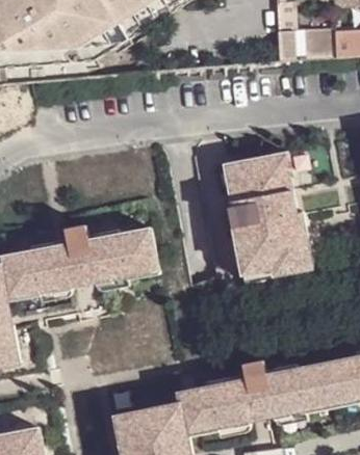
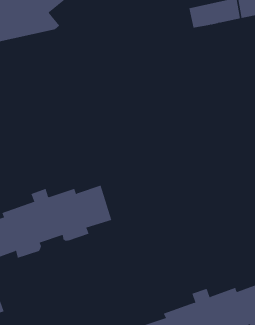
building: [225,152,312,273] -> none

